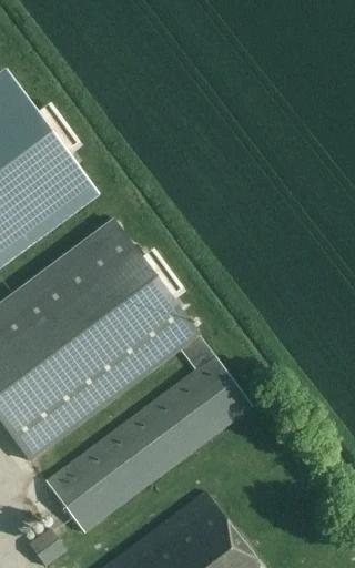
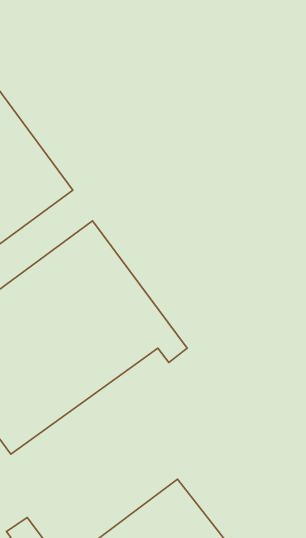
building: [47,354,254,532] -> none

